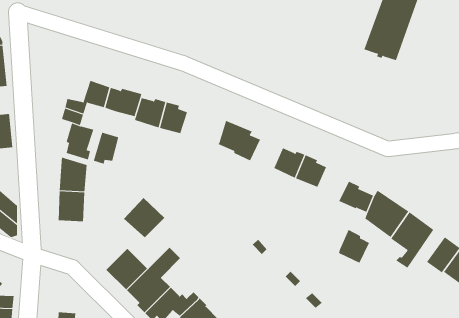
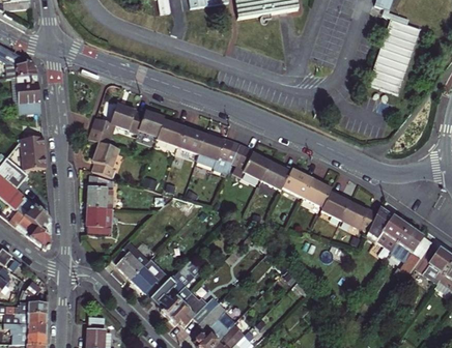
building: none -> [199,136,239,164]
building: [93,132,119,164] -> none
building: none -> [262,161,291,188]
building: [123,197,165,238] -> [111,241,149,279]
building: [338,229,370,263] -> [322,185,351,216]

